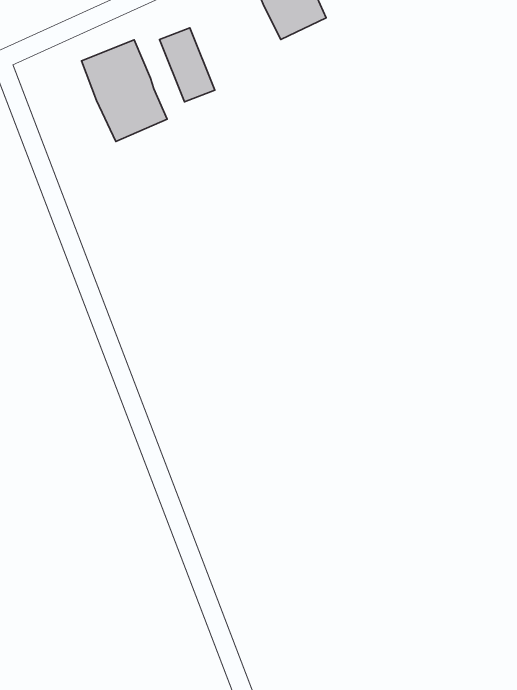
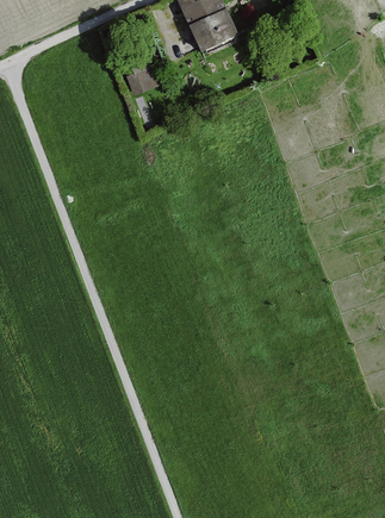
building: [81,40,167,141] -> none

